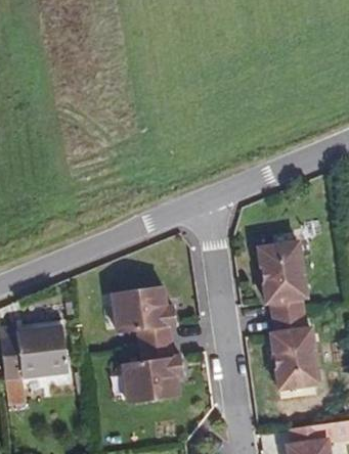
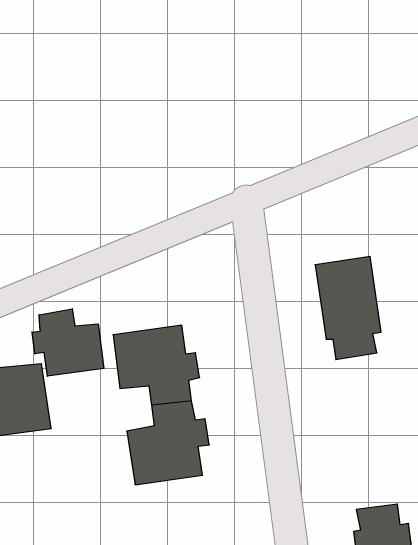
building: none -> [32,309,104,376]
building: [272,309,321,387] -> none

